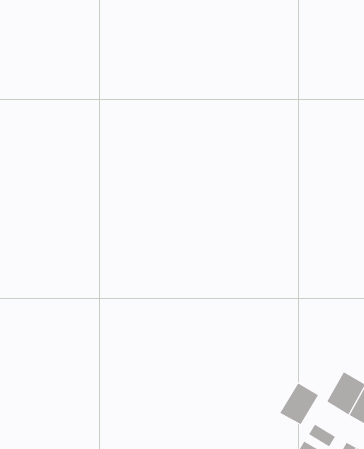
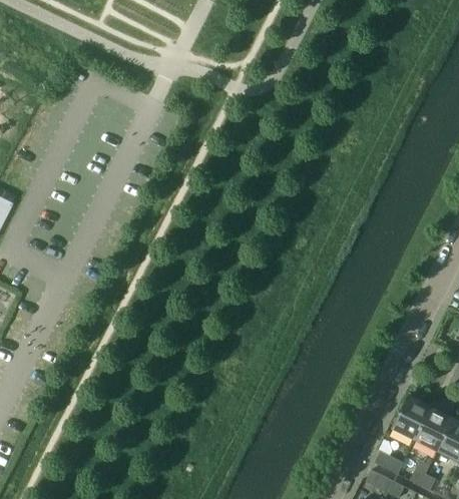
building: [279,383,319,425] -> none

